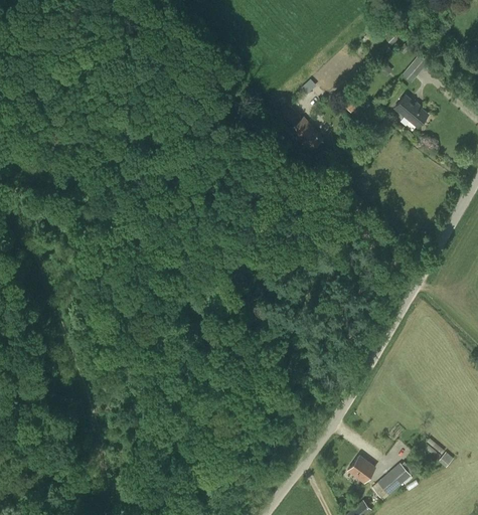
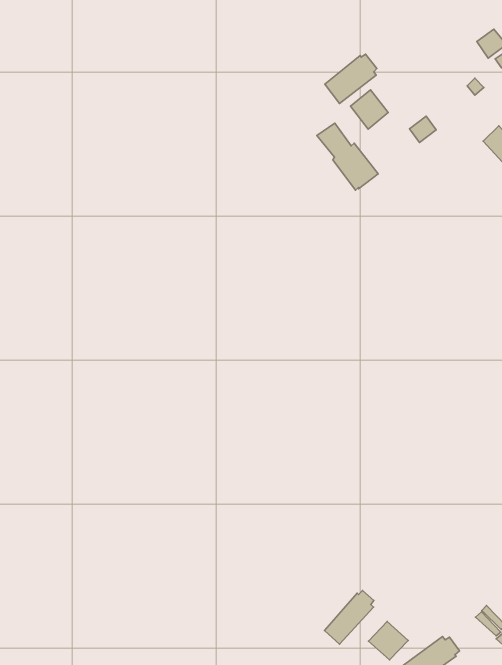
building: none -> [325,54,377,104]
building: none -> [325,590,374,644]

